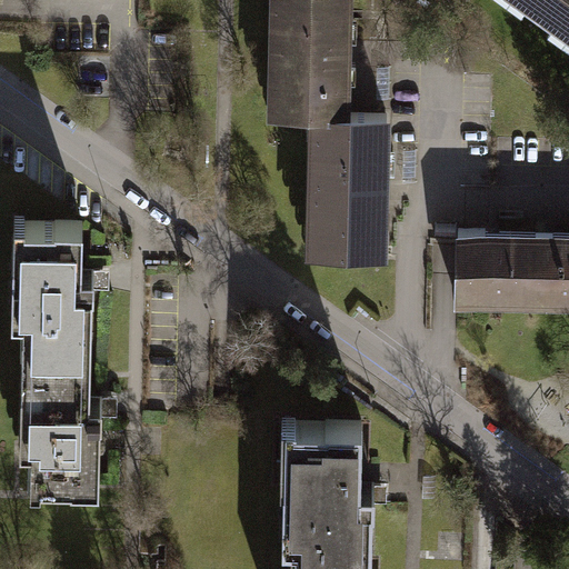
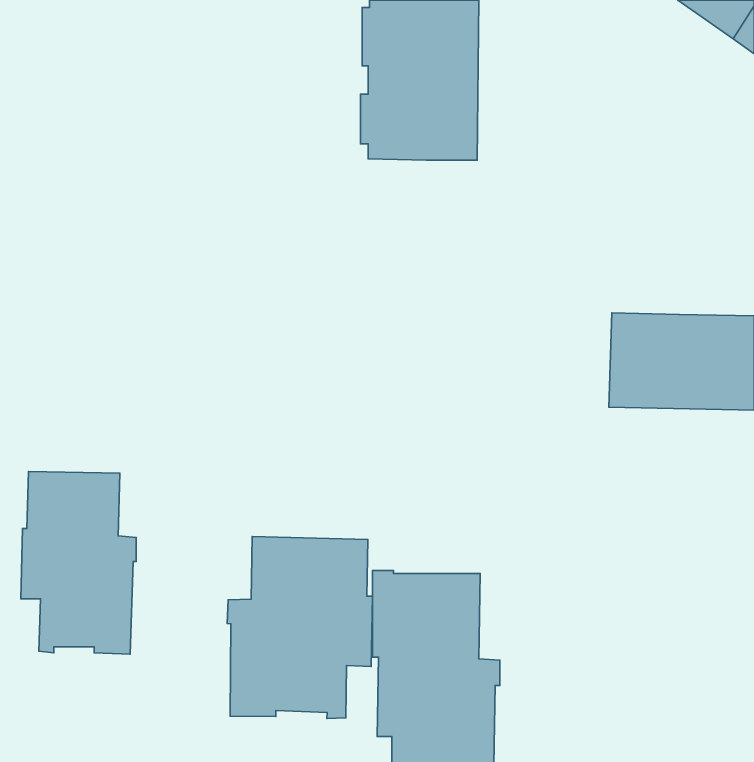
building: [309,121,395,261] -> none
building: [8,223,92,353] -> none
building: none -> [227,536,373,718]

